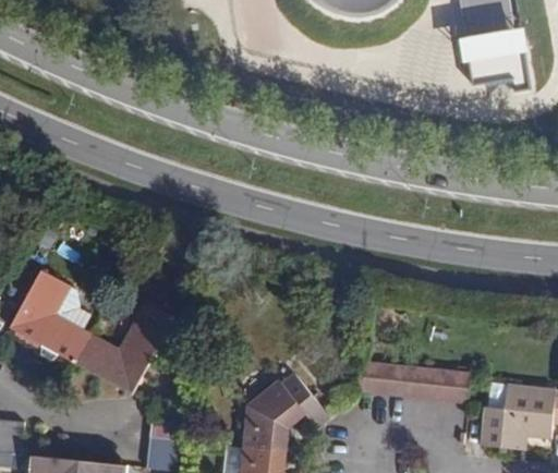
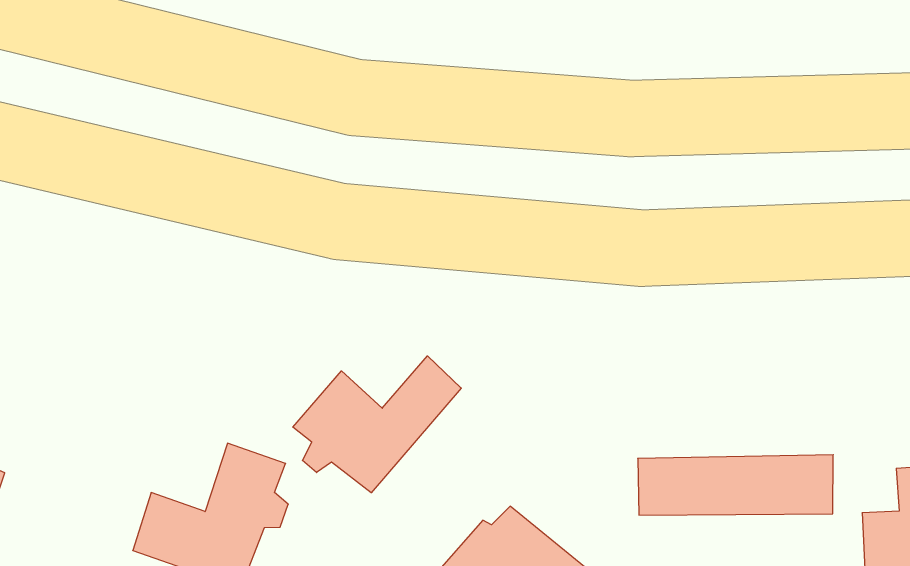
building: [16,266,90,364] -> none
building: none -> [293,356,461,493]

